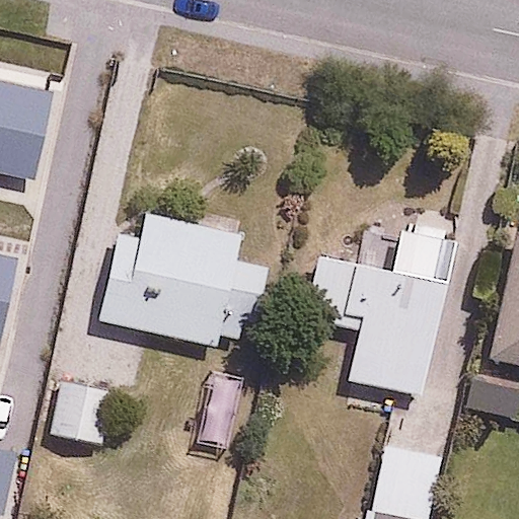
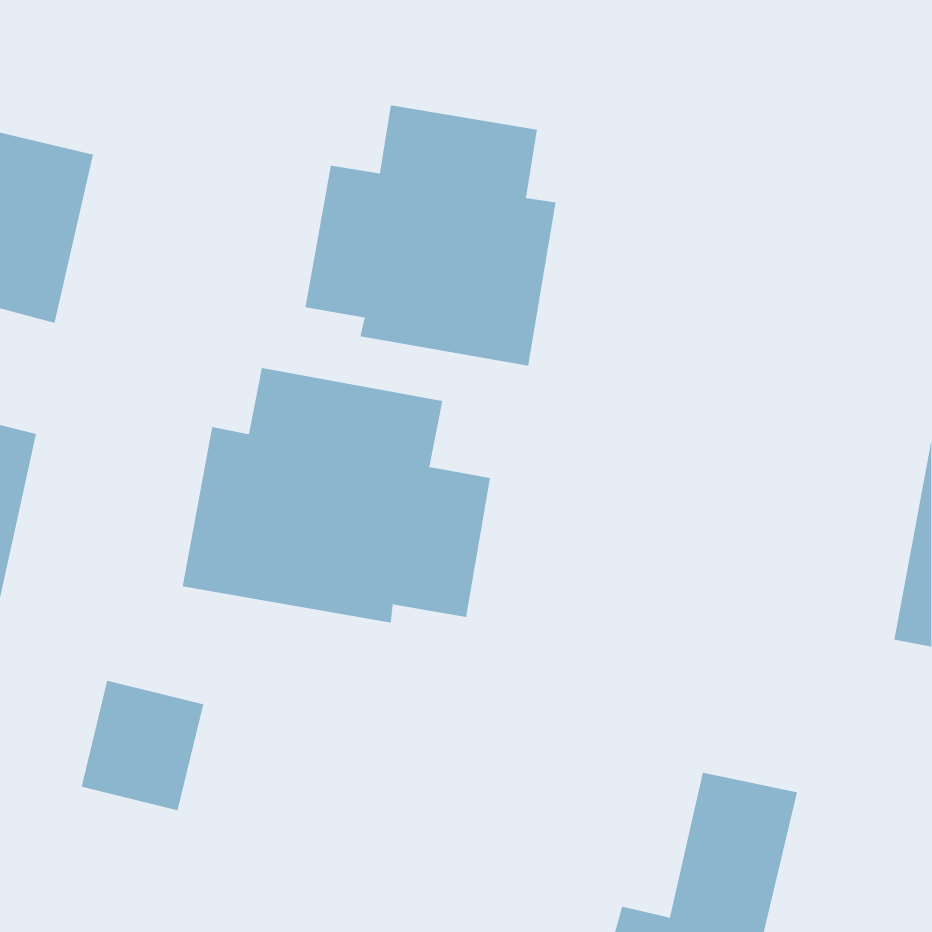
building: none -> [305,105,556,366]
building: [301,208,456,403] -> none

